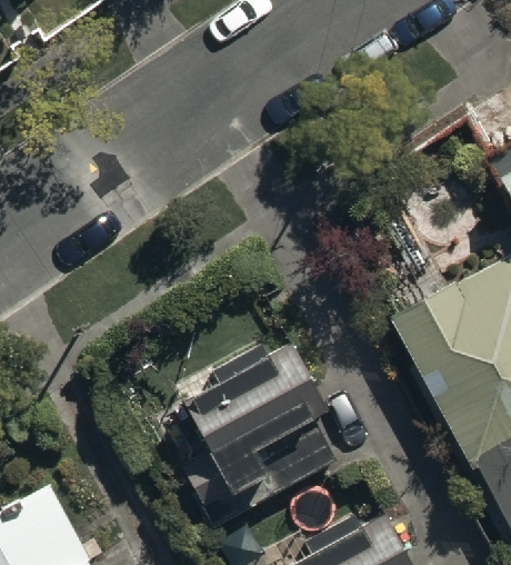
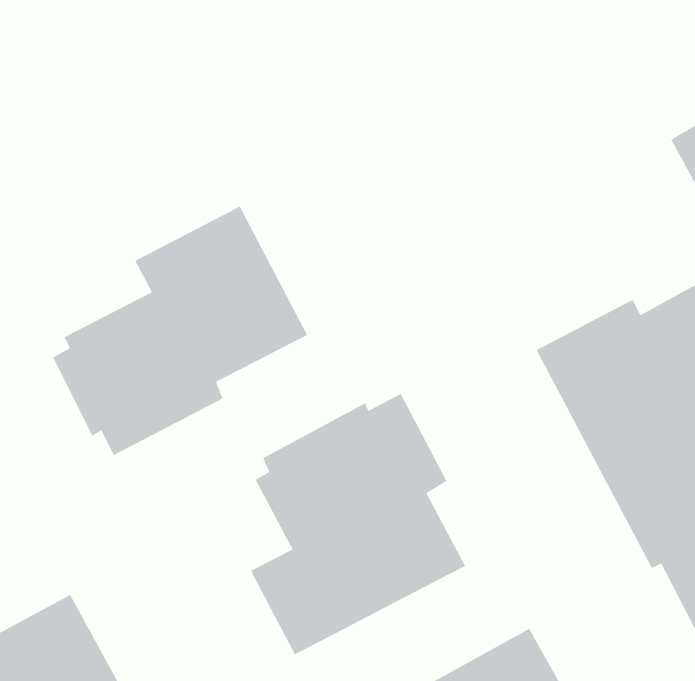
building: none -> [52,205,308,456]

